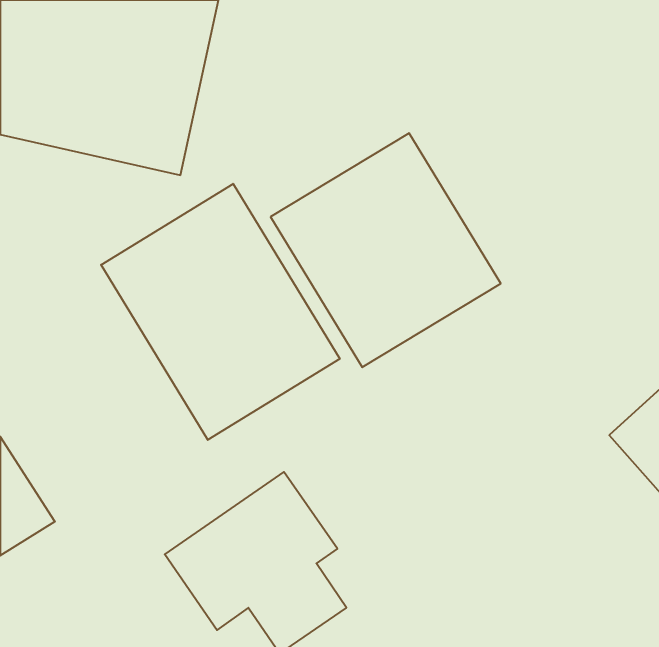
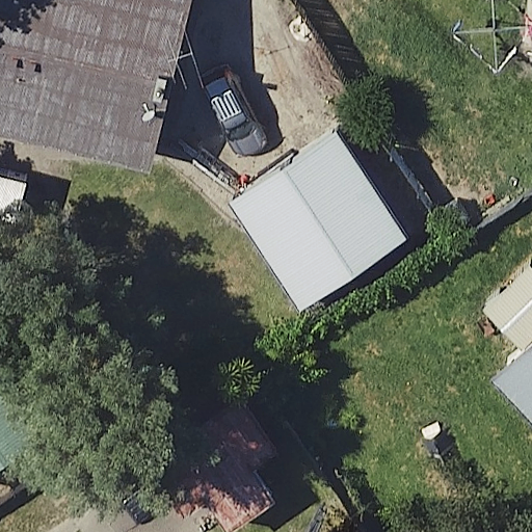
building: [101,184,340,440] -> none

